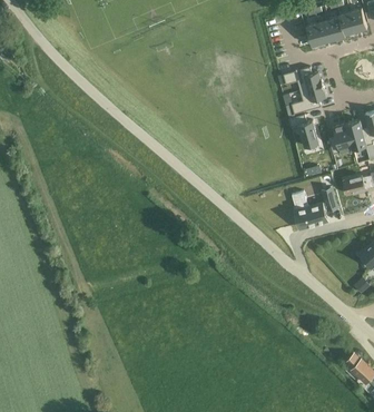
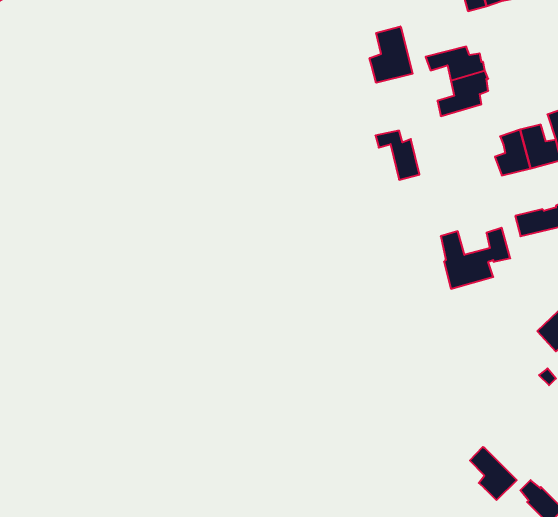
building: none -> [370,26,413,83]
building: [289,115,318,147] -> [375,131,419,180]
building: none -> [470,447,517,500]

